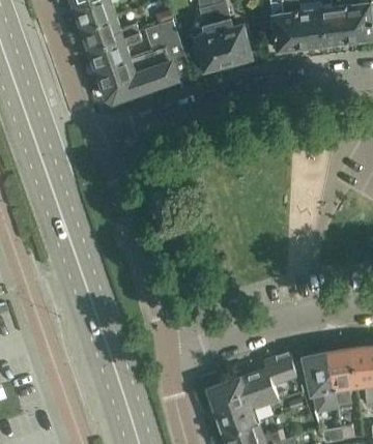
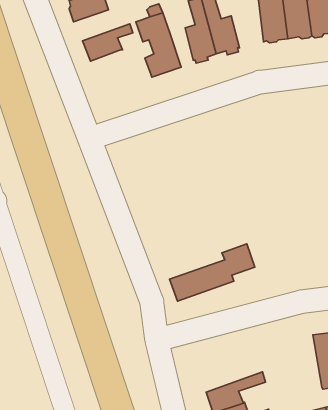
building: [80,19,138,51] -> none
building: [97,50,163,101] -> none
building: [208,353,296,412] -> [169,244,255,301]
building: [296,353,336,411] -> none

